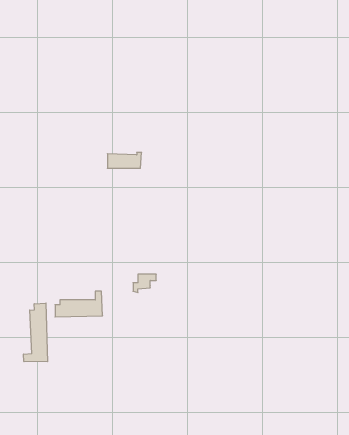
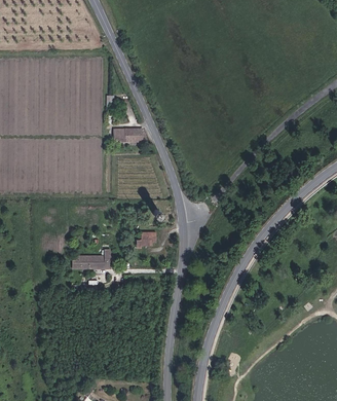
building: [24,303,47,362] -> none

